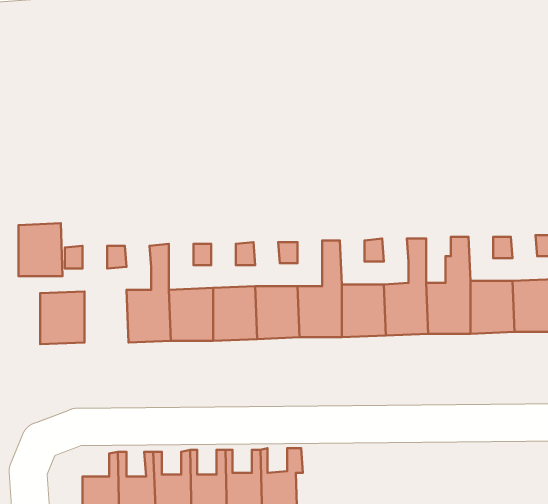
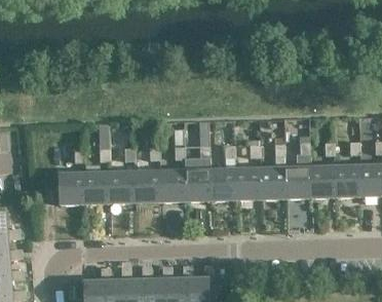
building: [19,223,63,276] -> [84,172,110,202]

